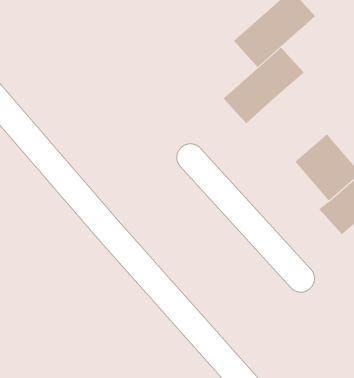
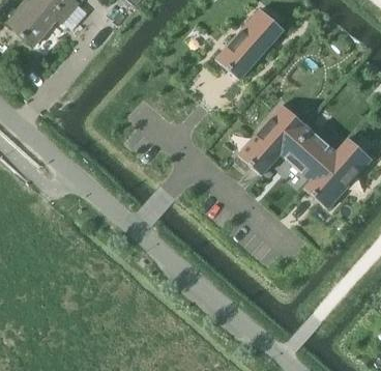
building: [223,47,304,124] -> [240,106,304,173]

